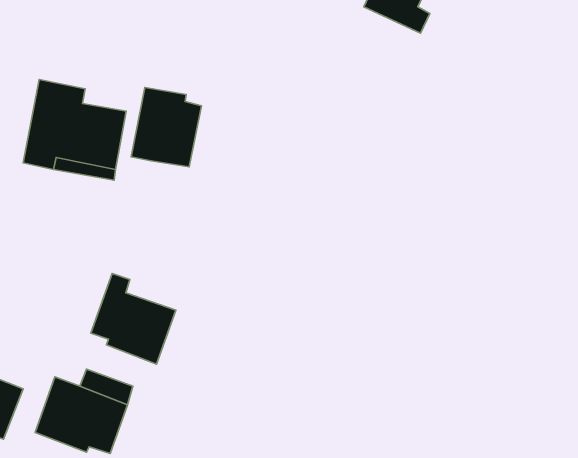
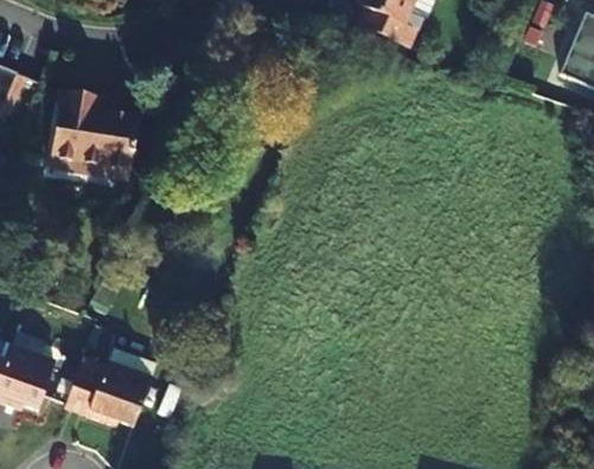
building: [131,88,201,167] -> none
building: [91,274,176,364] -> none

